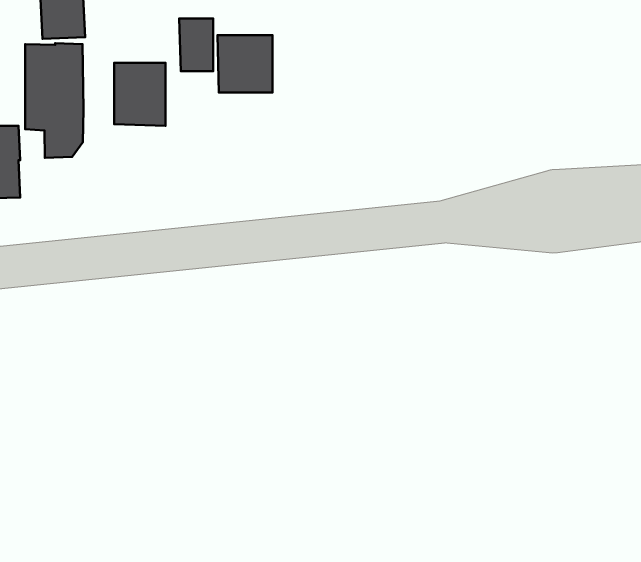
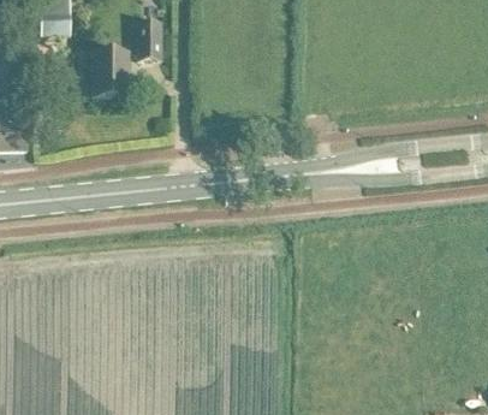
building: [217,35,273,93] -> none
building: [25,43,84,158] -> none

